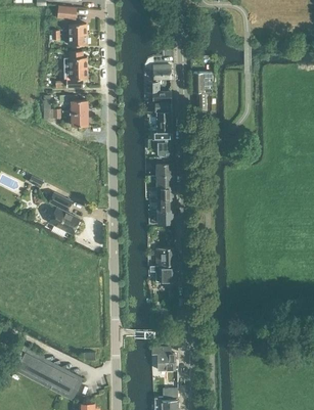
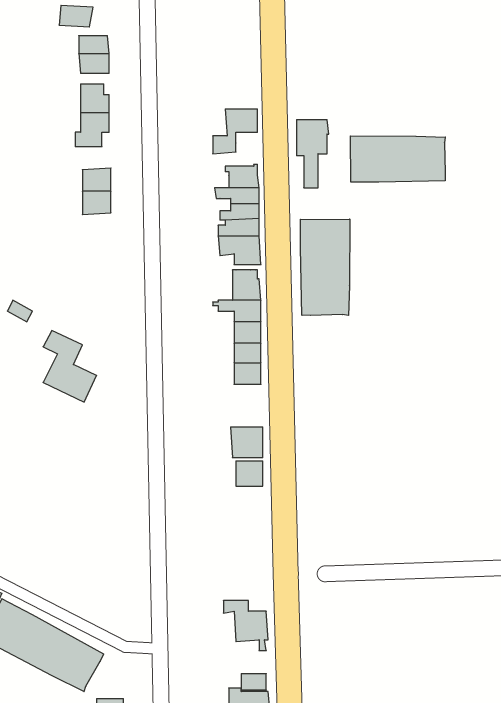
building: none -> [350,136,445,182]
building: none -> [300,219,350,315]

